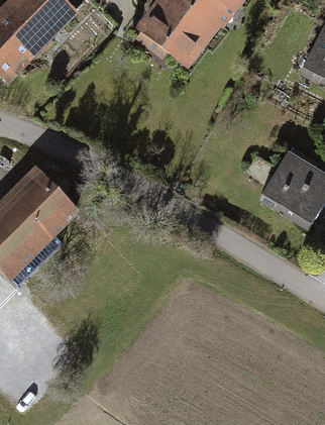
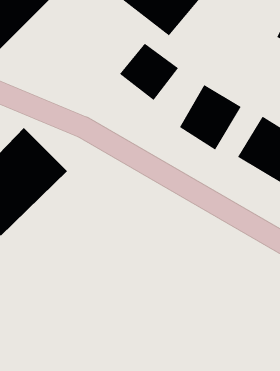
building: none -> [119,43,179,101]
building: none -> [179,84,241,150]

